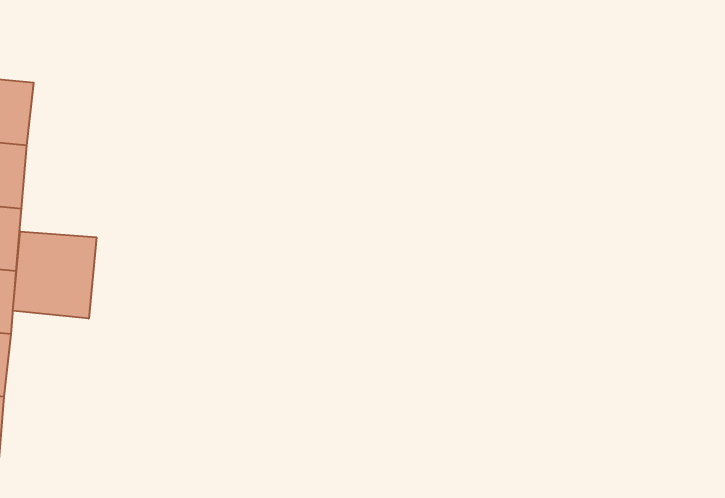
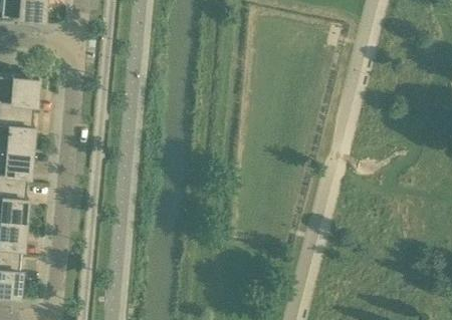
building: [13,231,96,319] -> none

